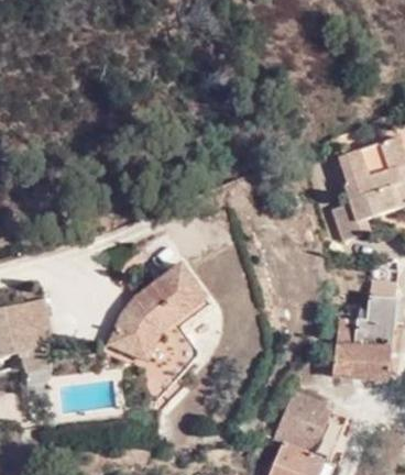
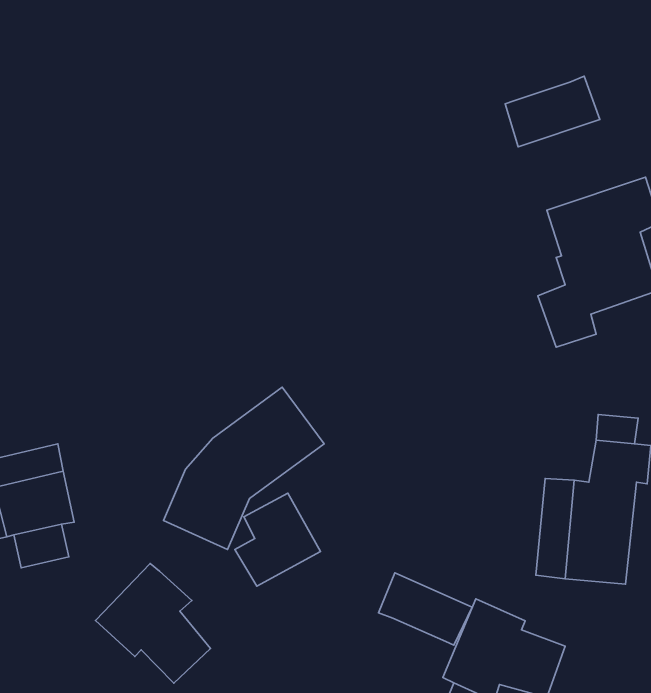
building: none -> [505,76,600,147]
building: none -> [96,563,211,683]
building: none -> [379,573,472,645]

